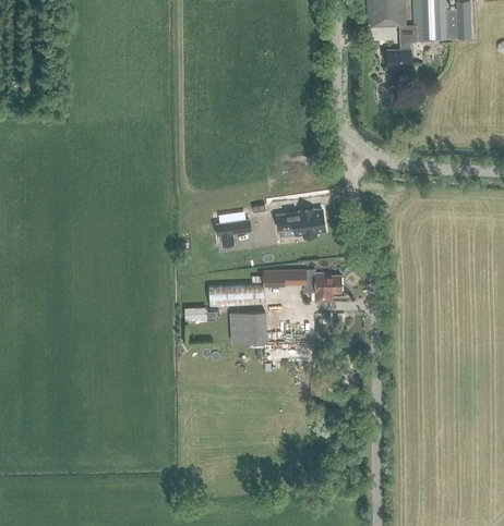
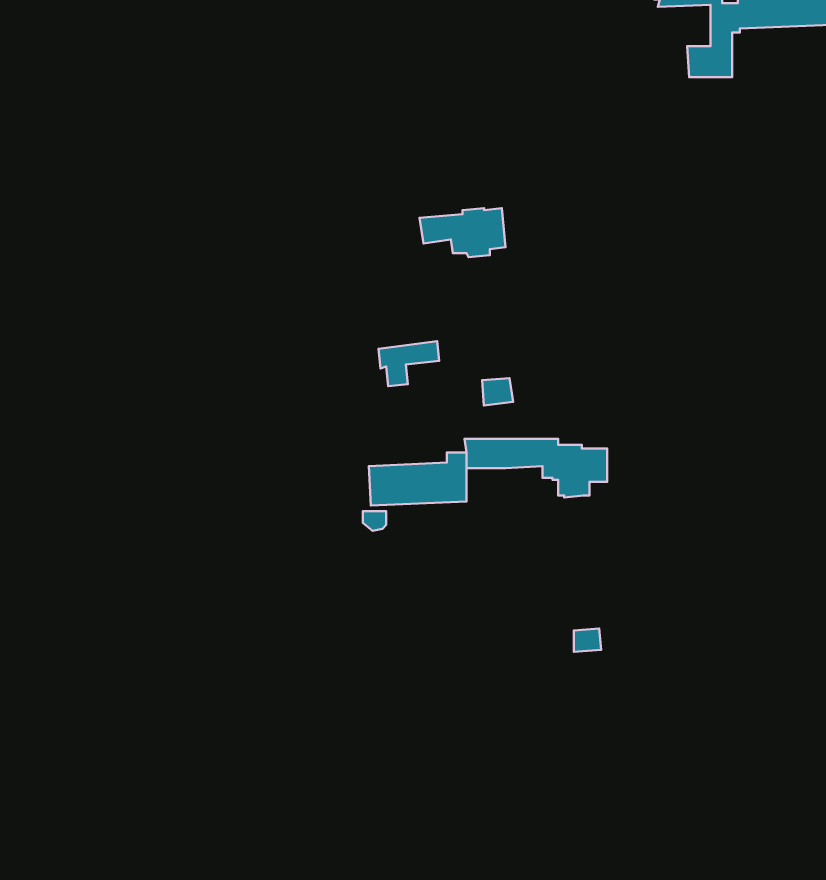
building: [279,210,327,237] -> [420,208,506,257]
building: [230,313,266,342] -> none

